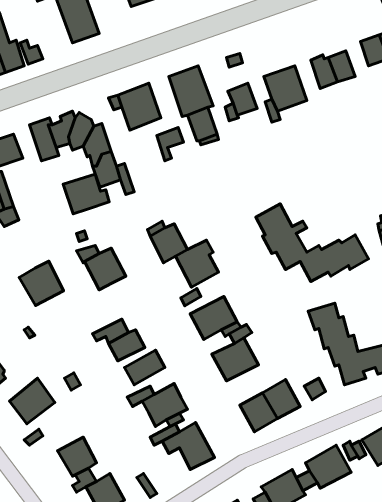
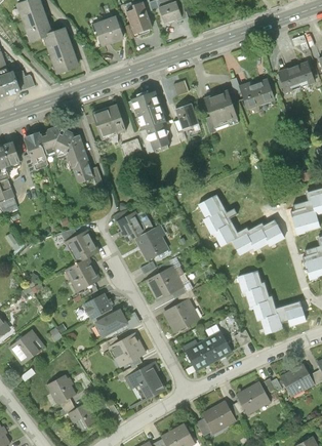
building: [63,174,109,214] -> none
building: [19,261,63,306] -> [66,256,99,290]

